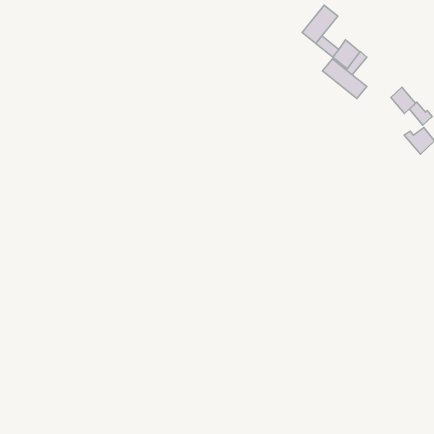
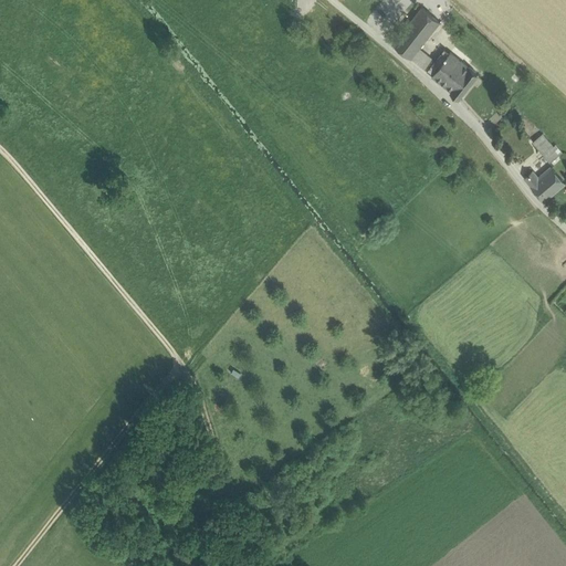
building: [323,59,367,99] -> none
building: [391,87,415,114] -> none

